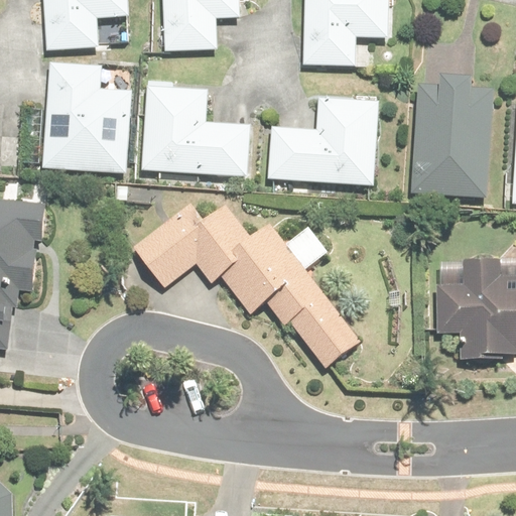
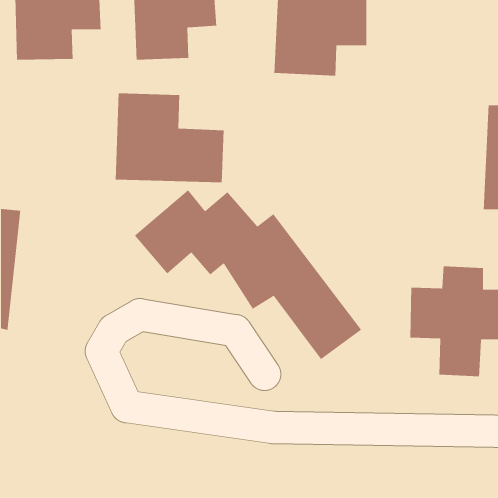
building: [29,69,124,183] -> none
building: [397,90,485,210] -> none
building: [254,104,372,198] -> none

